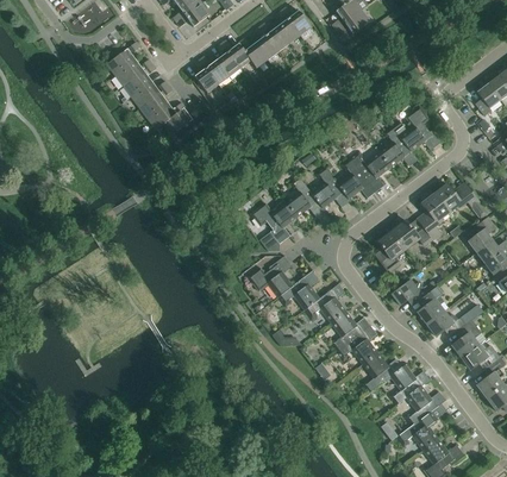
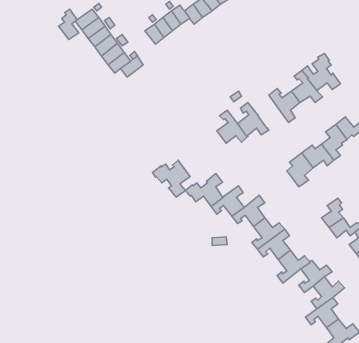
building: none -> [58,9,79,39]
building: [337,157,375,199] -> none
building: [249,197,296,244] -> [153,160,190,197]
building: [392,280,431,306] -> none

